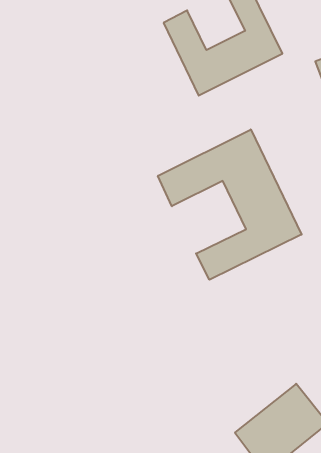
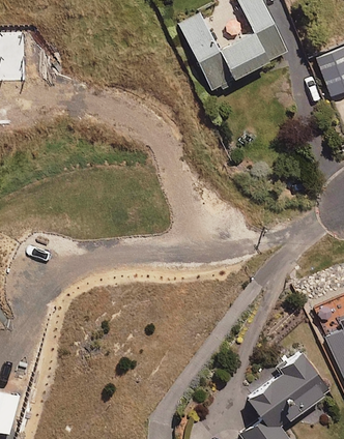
building: [158,129,302,280] -> none

